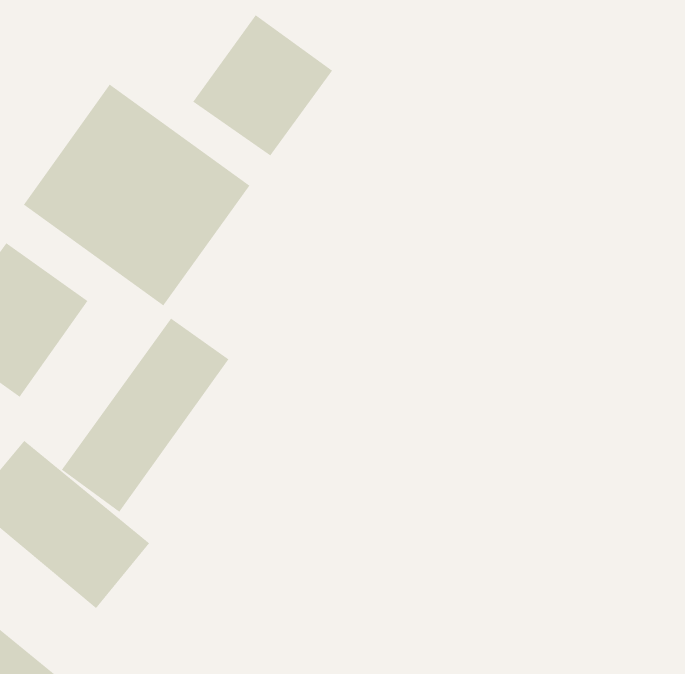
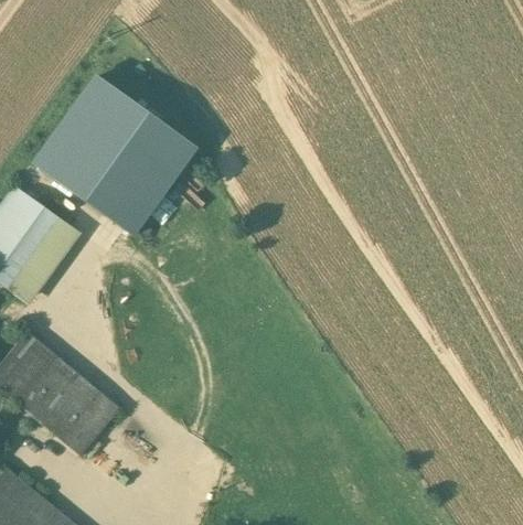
building: [192,14,333,157] -> none
building: [61,318,229,513] -> none

